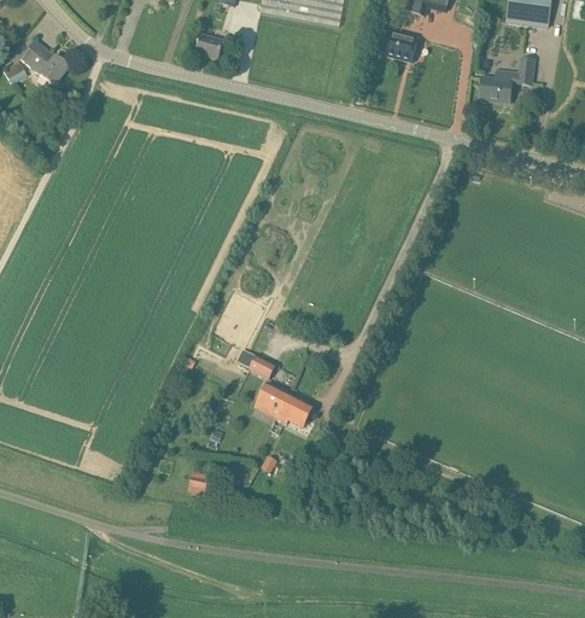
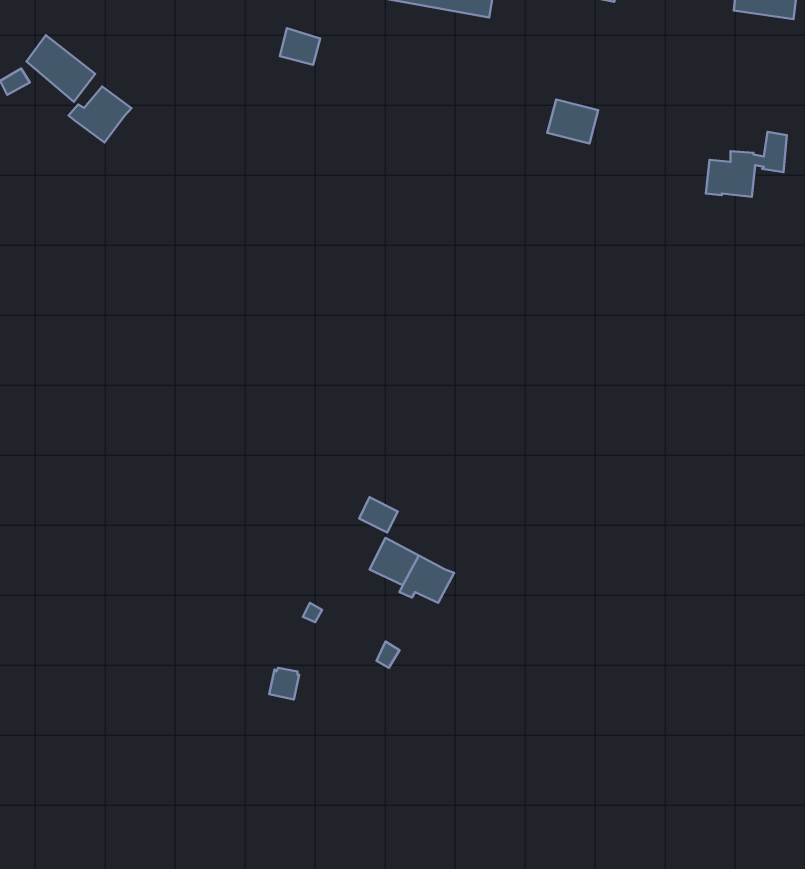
building: [382,30,417,60] -> [547,99,598,143]
building: [478,56,533,100] -> [706,132,787,197]
building: none -> [68,86,131,143]

